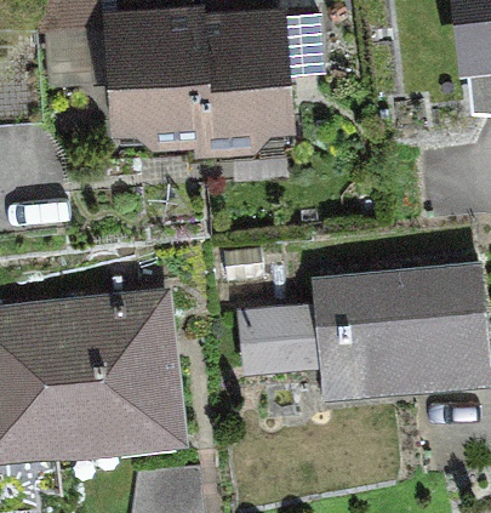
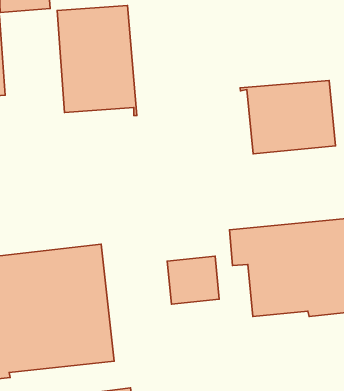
building: [193,11,286,142] -> none
building: none -> [240,81,335,154]

